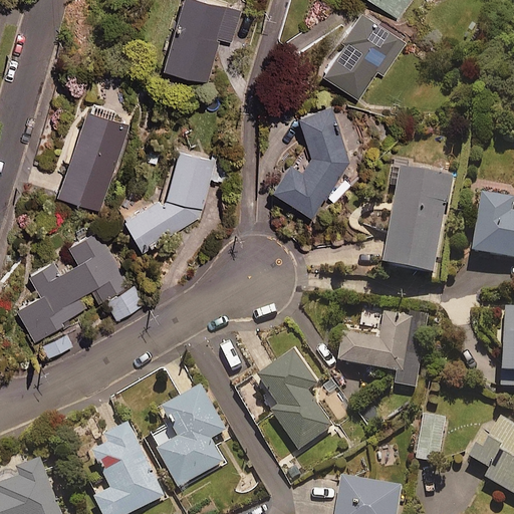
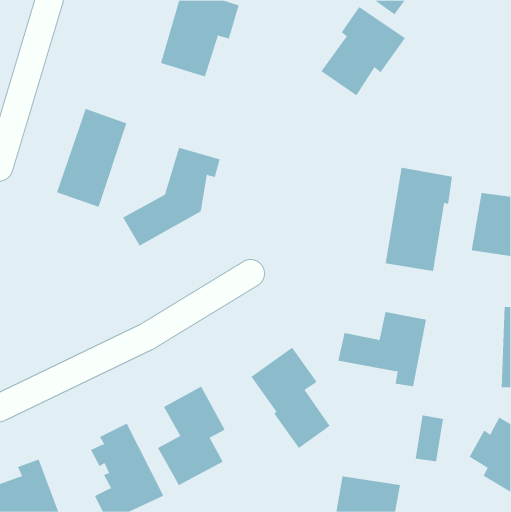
building: [271,101,347,212] -> none
building: [15,227,143,354] -> none

